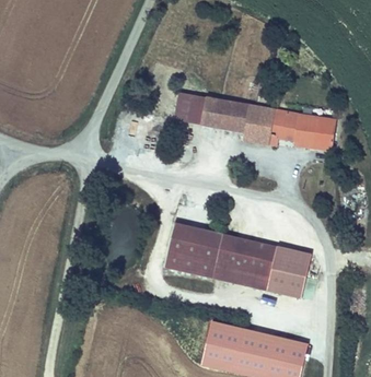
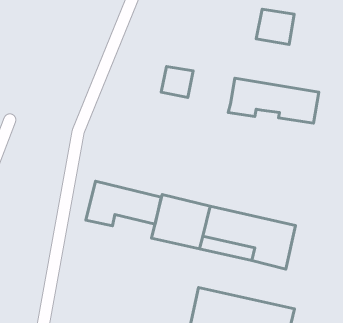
building: none -> [256,9,294,44]
building: [200,96,248,130] -> none
building: none -> [86,181,161,226]

